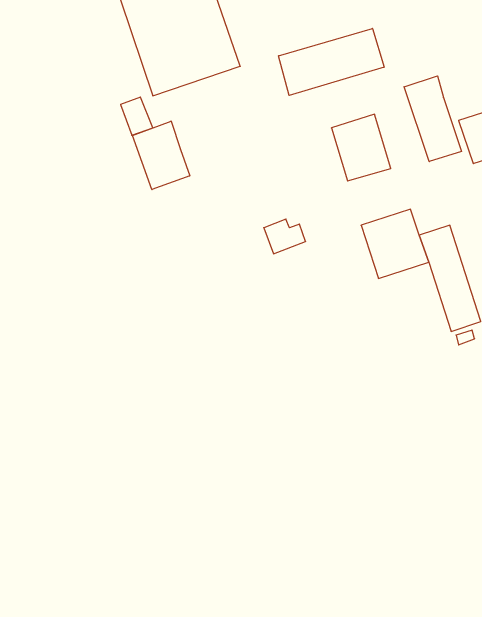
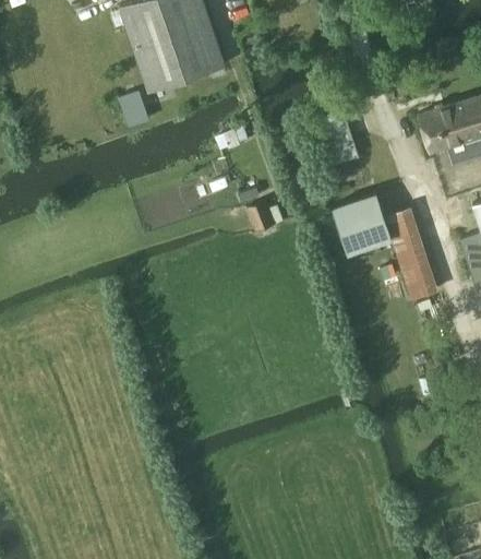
building: [279,28,384,95] -> none
building: [404,76,461,162] -> none
building: [132,121,190,190] -> none

